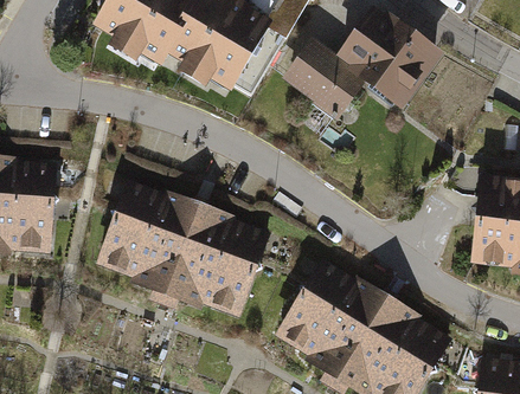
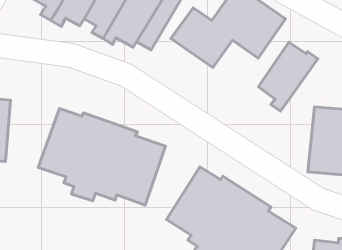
building: none -> [259,42,318,111]

